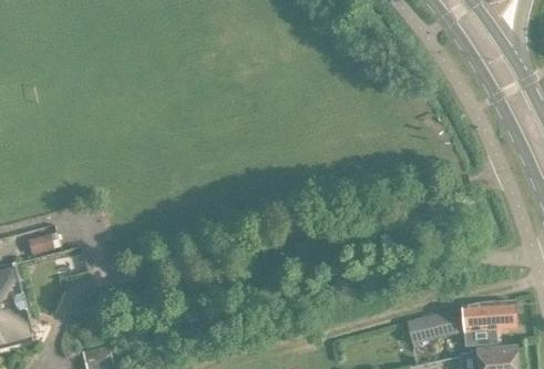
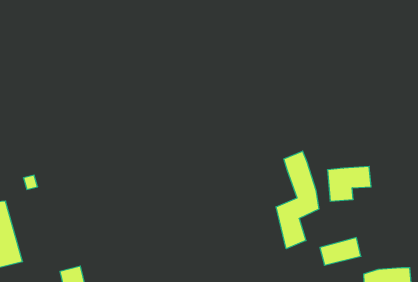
building: none -> [276,151,319,249]
building: [461,300,515,344] -> [327,166,371,201]

